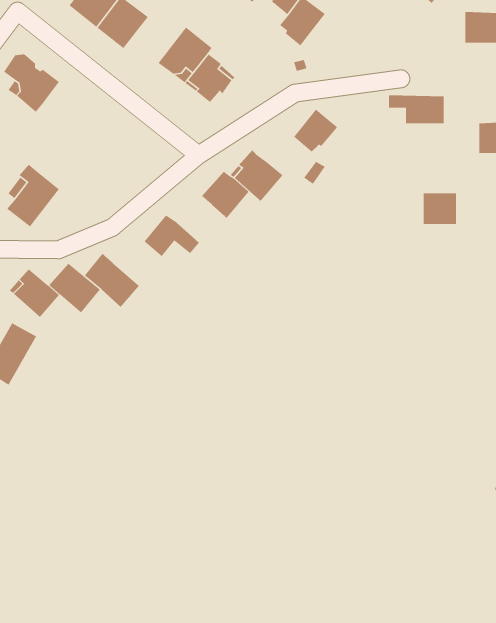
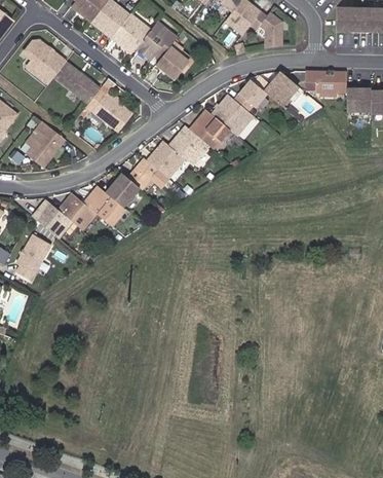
building: none -> [335,9,359,33]
building: none -> [248,11,281,47]
building: none -> [112,12,152,52]
building: none -> [54,61,102,103]
building: none -> [264,71,297,105]
building: none -> [92,93,133,132]
building: none -> [208,93,251,134]
building: [423,192,457,225] -> [345,87,370,111]
building: none -> [149,142,185,178]
building: none -> [105,173,140,209]

